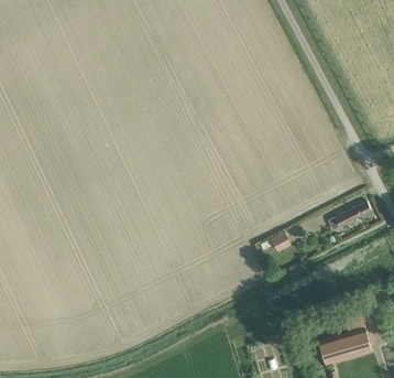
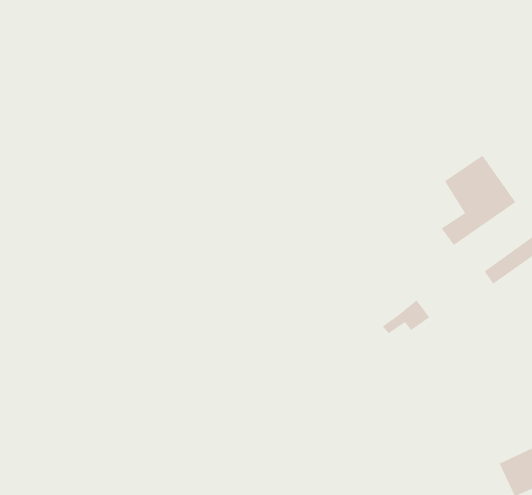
building: none -> [441,155,516,246]

